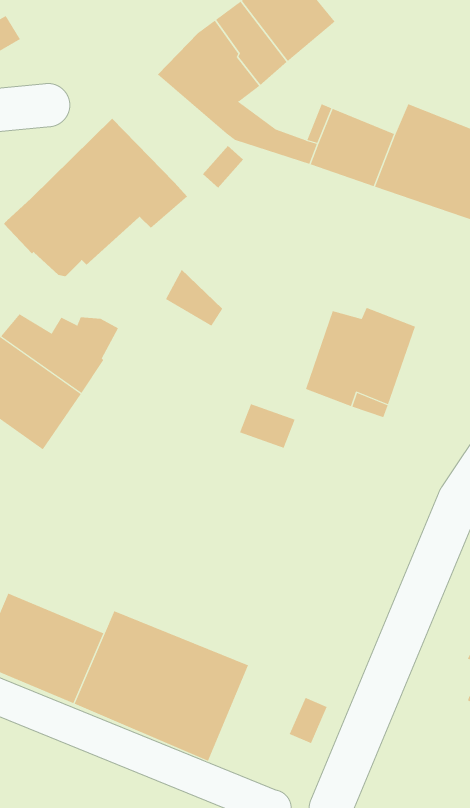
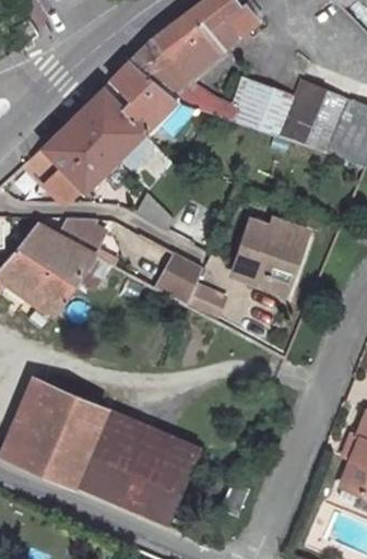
building: none -> [102,58,179,132]
building: none -> [158,253,202,302]
building: none -> [31,382,109,439]

